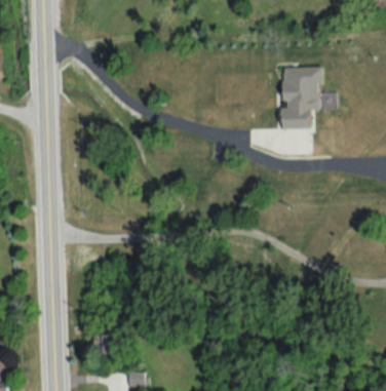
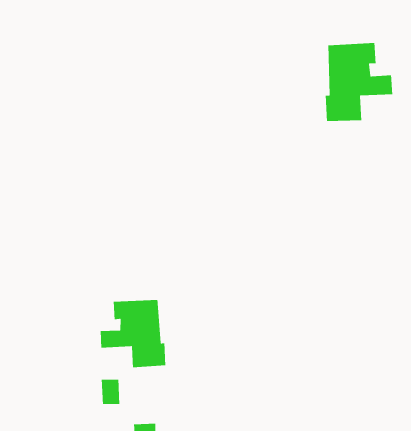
building: none -> [100,299,166,368]

